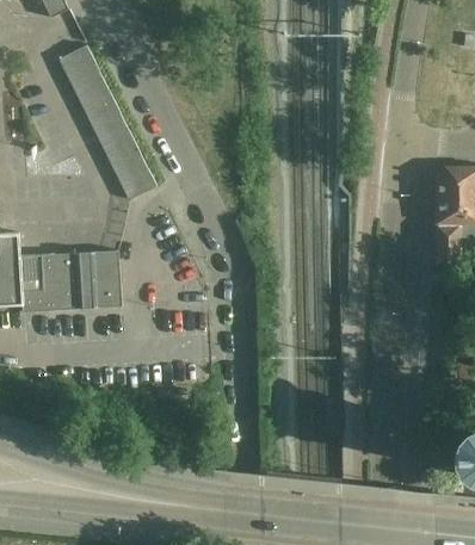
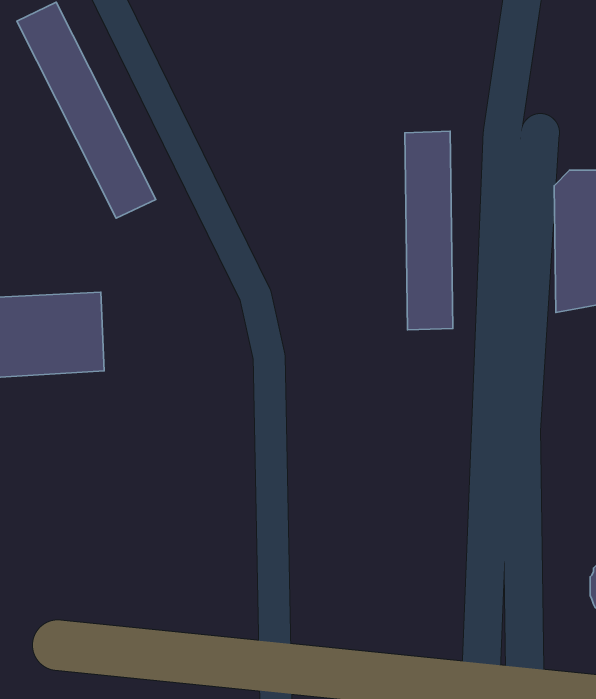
building: none -> [405,131,453,330]

